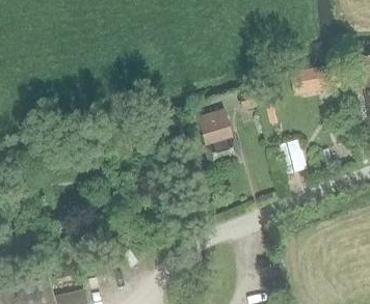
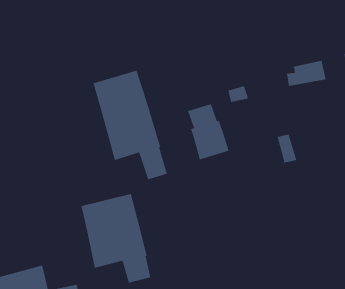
building: none -> [93,70,167,180]
building: none -> [81,193,151,283]

